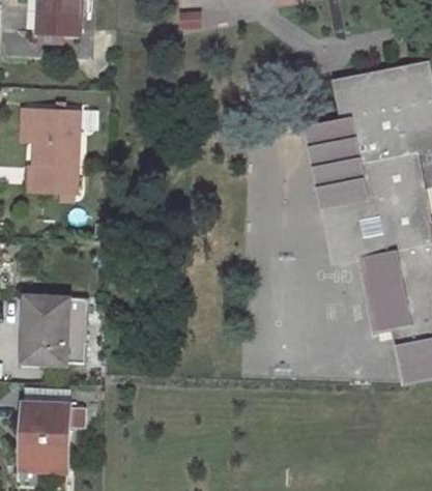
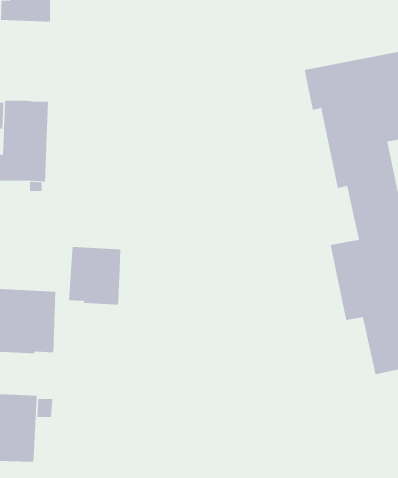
building: [307,118,386,259] -> none
building: none -> [69,246,121,305]

